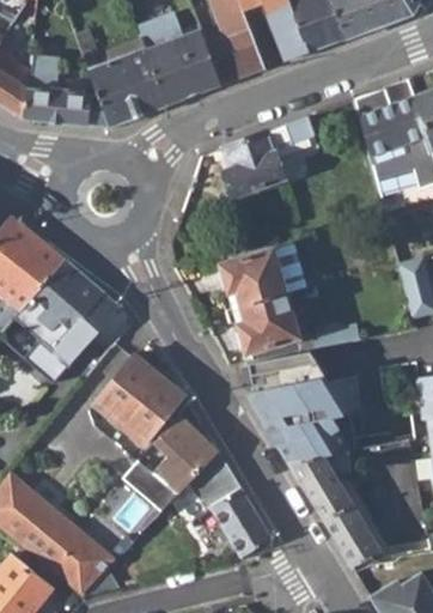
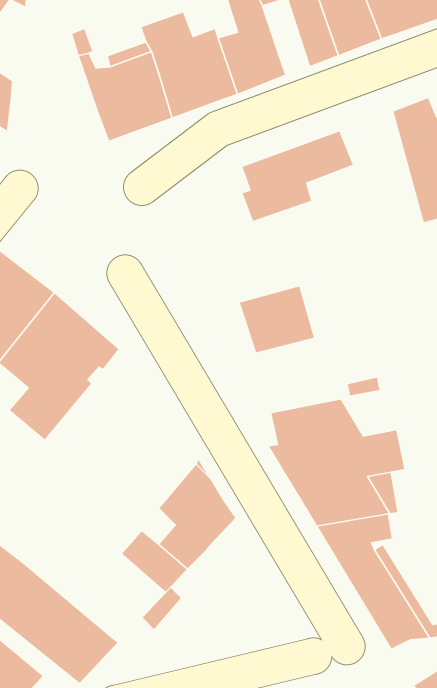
building: [22,87,109,126] -> none
building: [236,296,298,351] -> none
building: [97,354,183,444] -> none
building: [194,451,270,556] -> none

